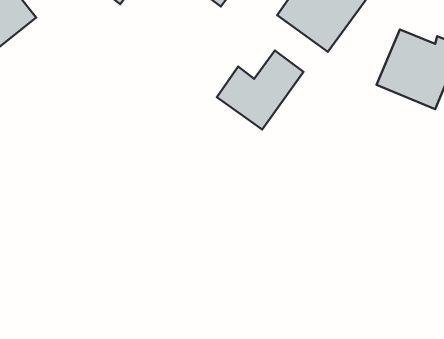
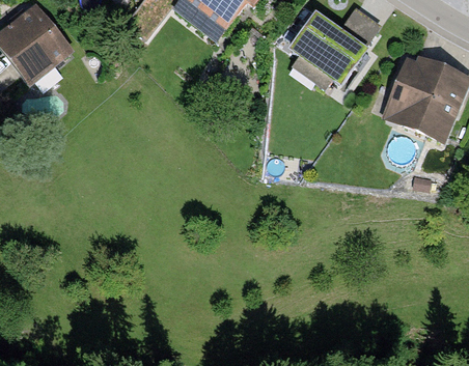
building: [217,51,303,129] -> none

